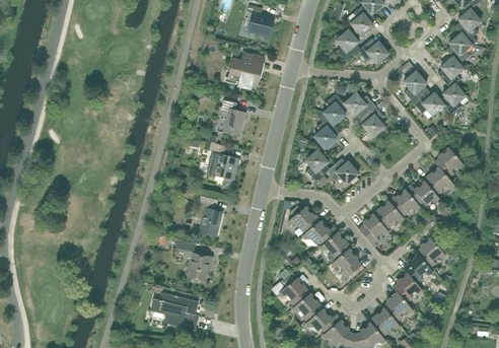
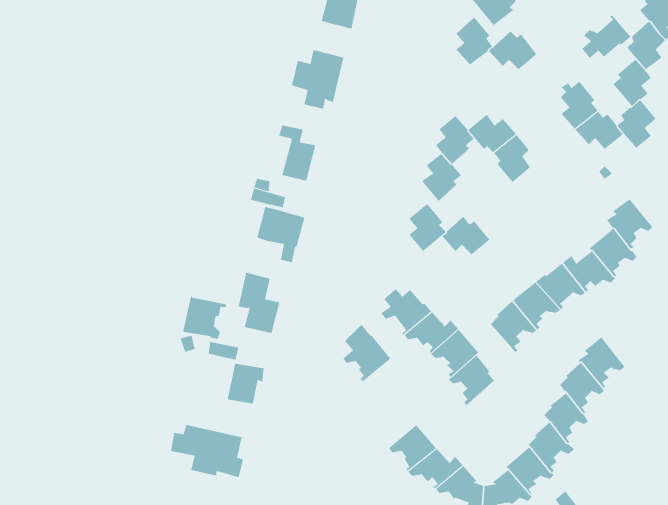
building: none -> [582,15,631,59]
building: none -> [183,295,226,340]
building: [279,272,310,309] -> [343,324,391,382]

